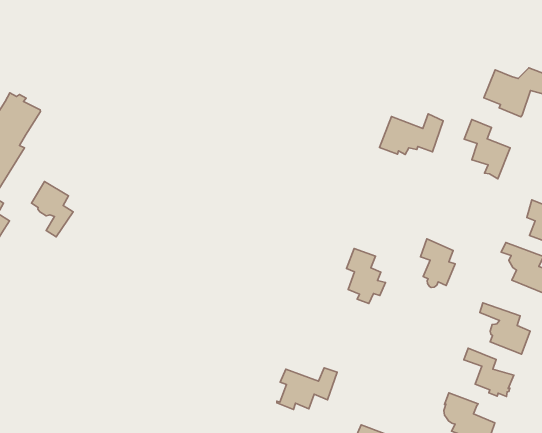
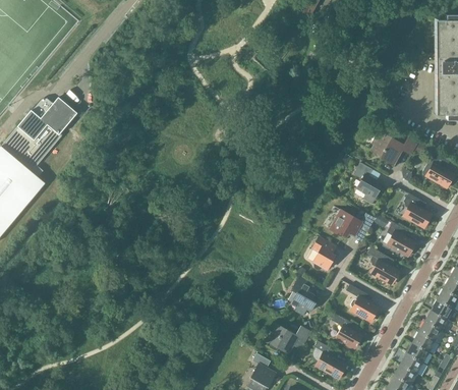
building: [379,114,443,154] -> [331,211,376,238]
building: [32,181,73,237] -> none
building: [346,249,386,303] -> [291,278,317,316]
building: [277,368,337,410] -> [268,325,310,353]

